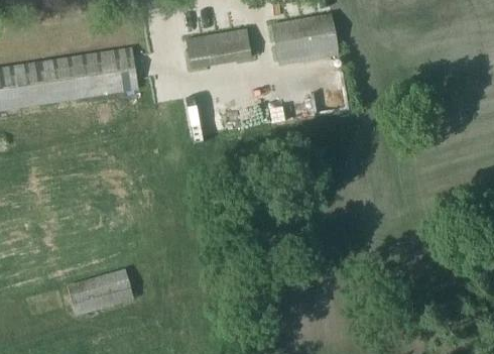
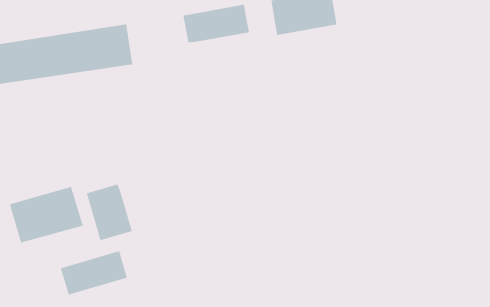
building: none -> [86,183,133,241]
building: none -> [9,185,84,244]

